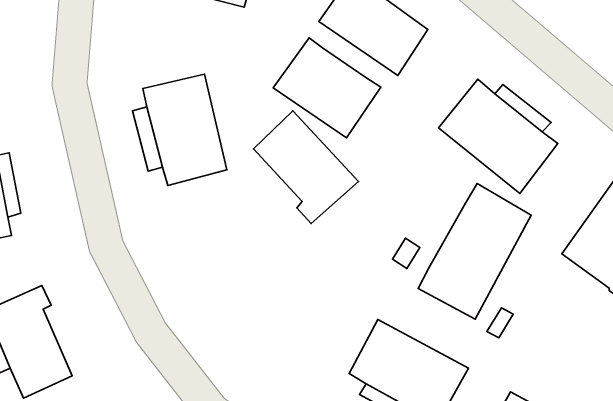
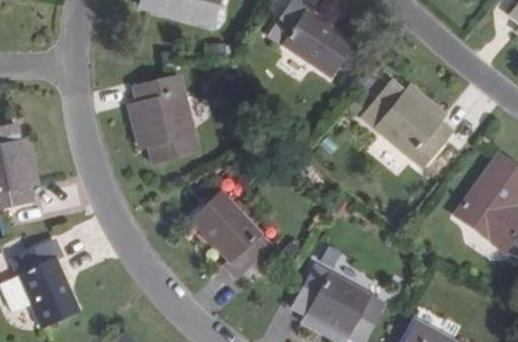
building: [273,38,381,138] -> none
building: [253,111,359,224] -> [190,189,271,276]
building: [418,183,531,319] -> none

